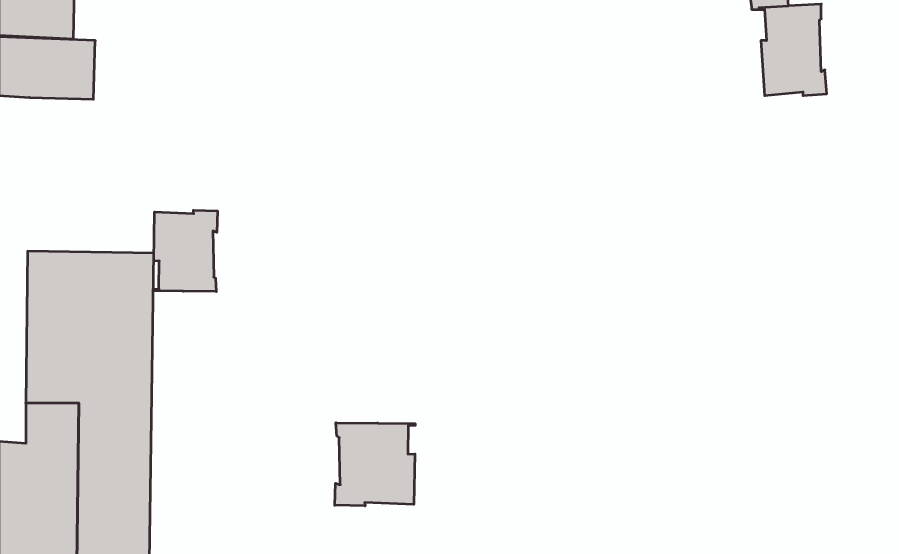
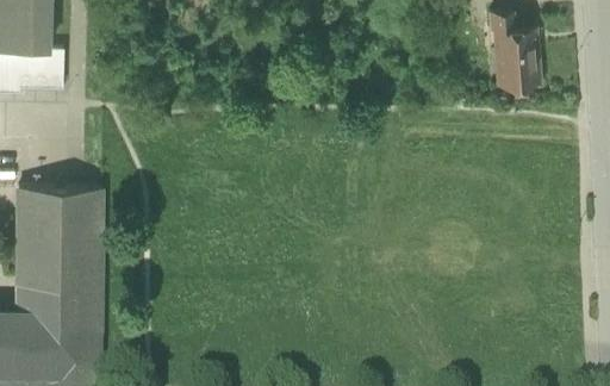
building: [153,210,217,292] -> none
building: [335,423,415,506] -> none

